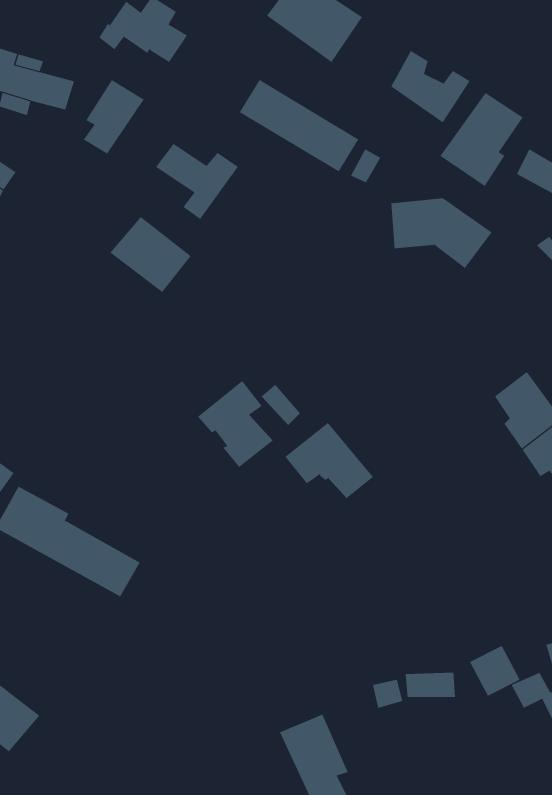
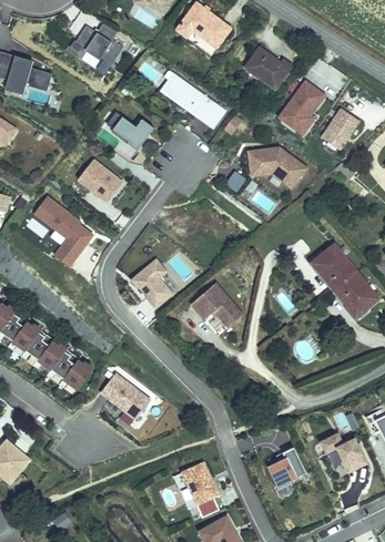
building: [83,79,144,154] -> none
building: none -> [32,193,95,266]
building: none -> [97,372,152,423]
building: [469,645,520,696] -> [266,453,297,484]

